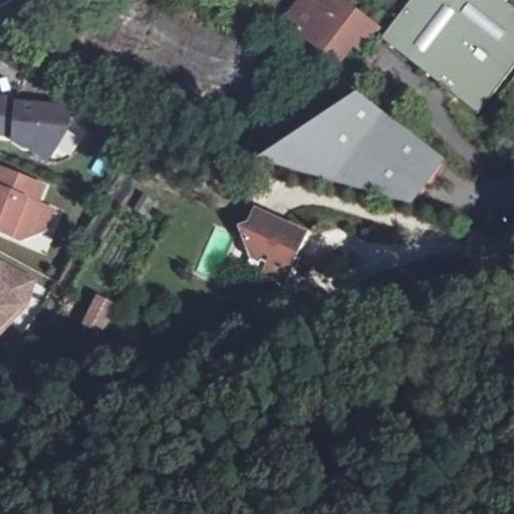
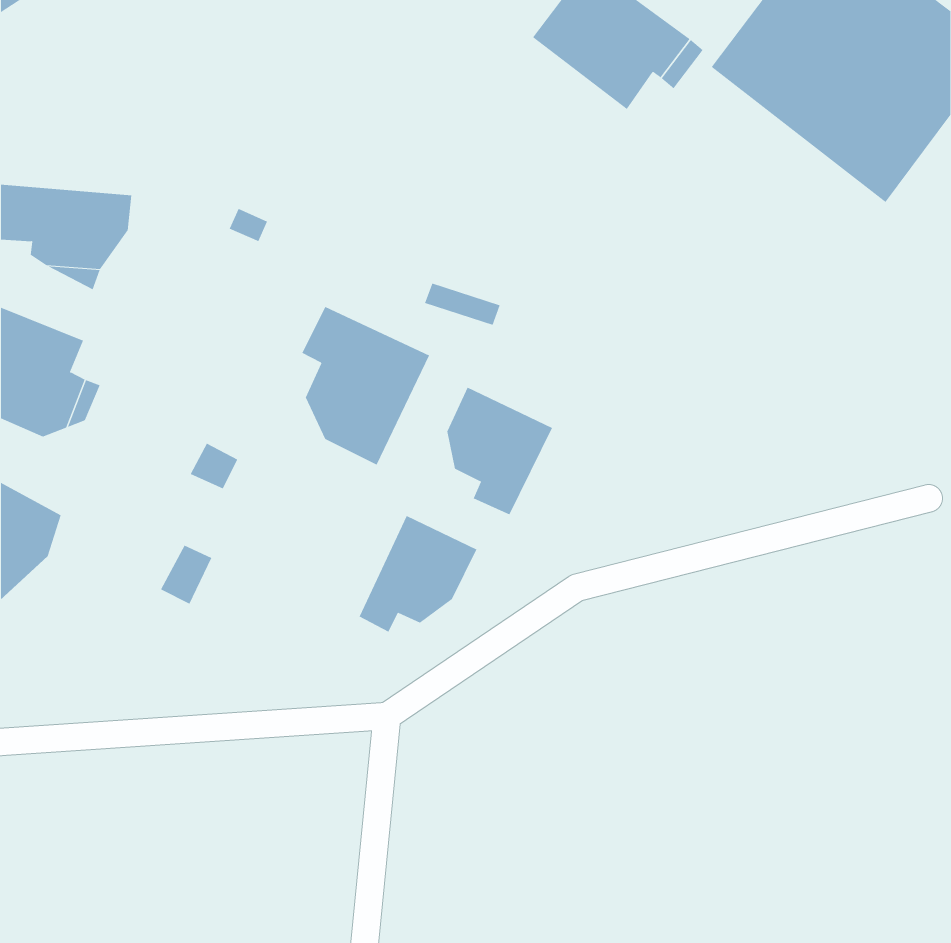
building: [261,93,442,201] -> none
building: none -> [301,306,430,465]
building: none -> [359,515,477,632]

